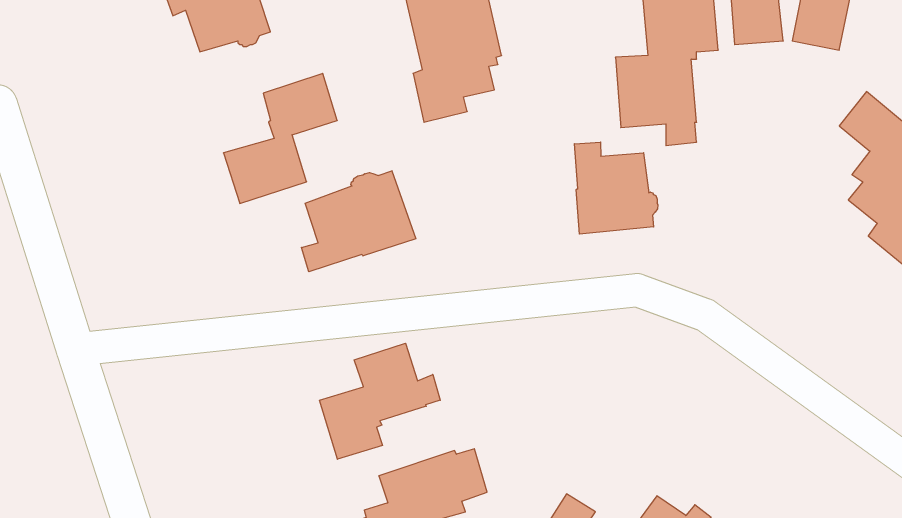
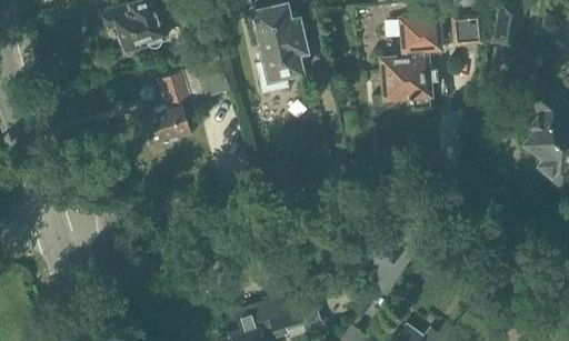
building: [574,142,658,234] -> none
building: [301,171,416,272] -> none
building: [320,343,440,459] -> none

